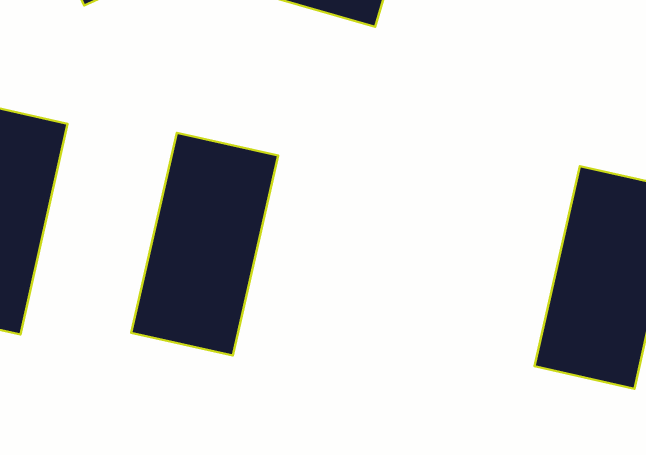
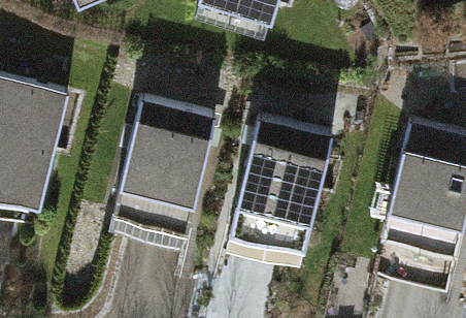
building: none -> [231,113,329,264]

